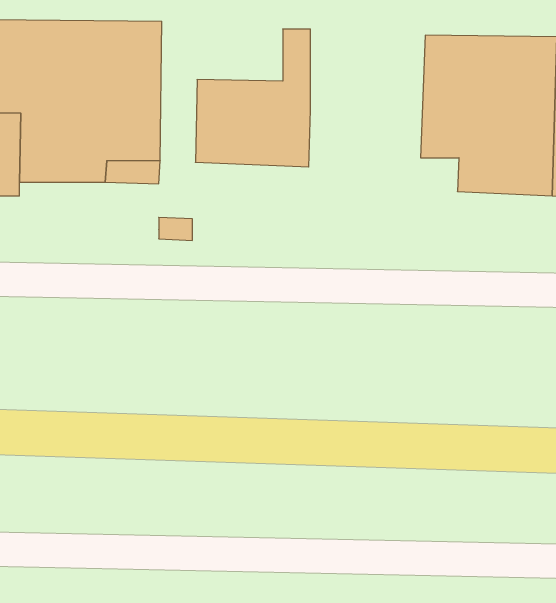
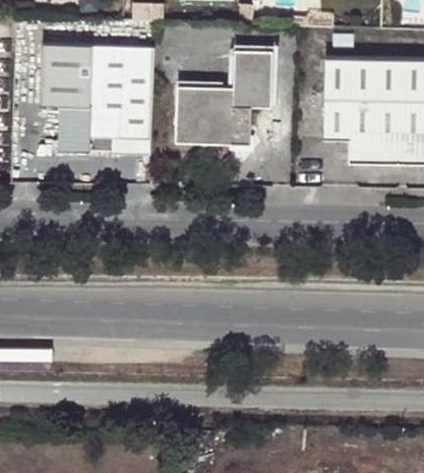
building: none -> [251,52,271,106]

